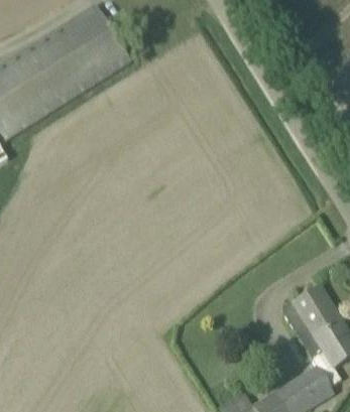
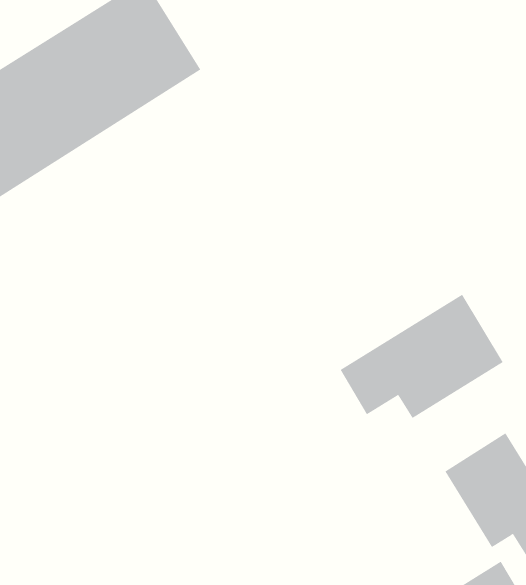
building: none -> [340,294,504,419]

